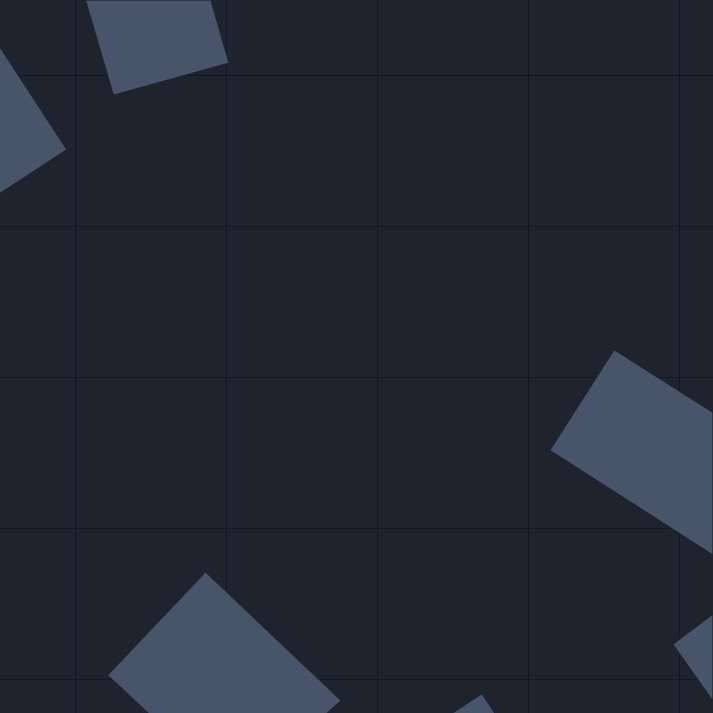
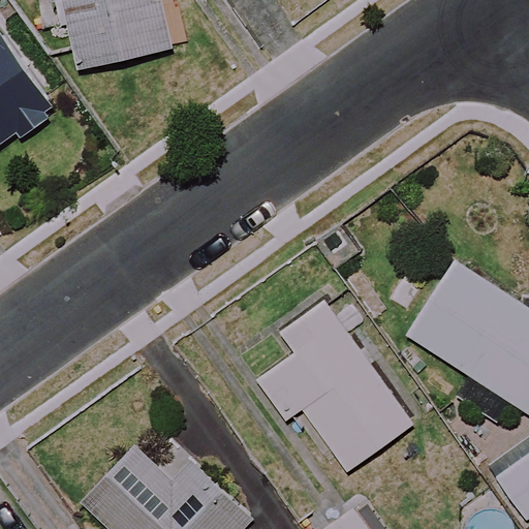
building: none -> [257,302,413,472]

